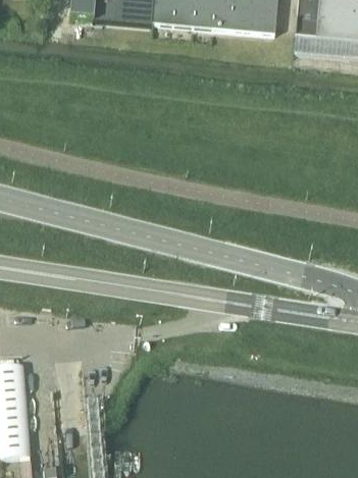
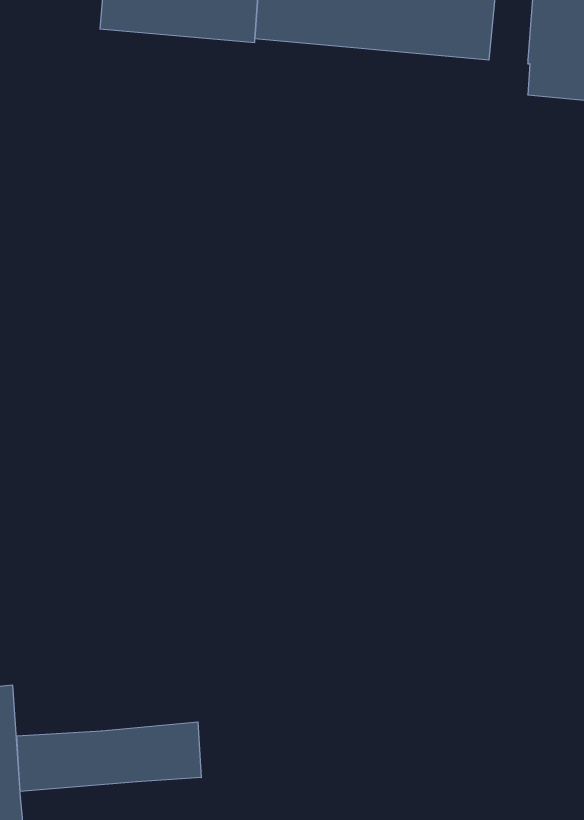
building: none -> [17,722,201,792]

